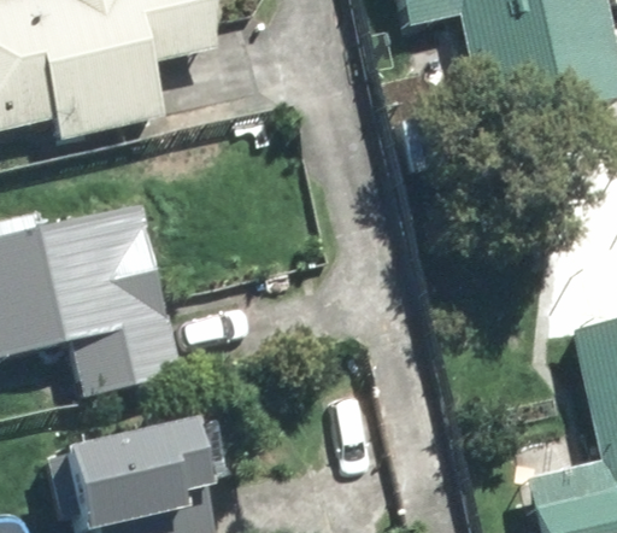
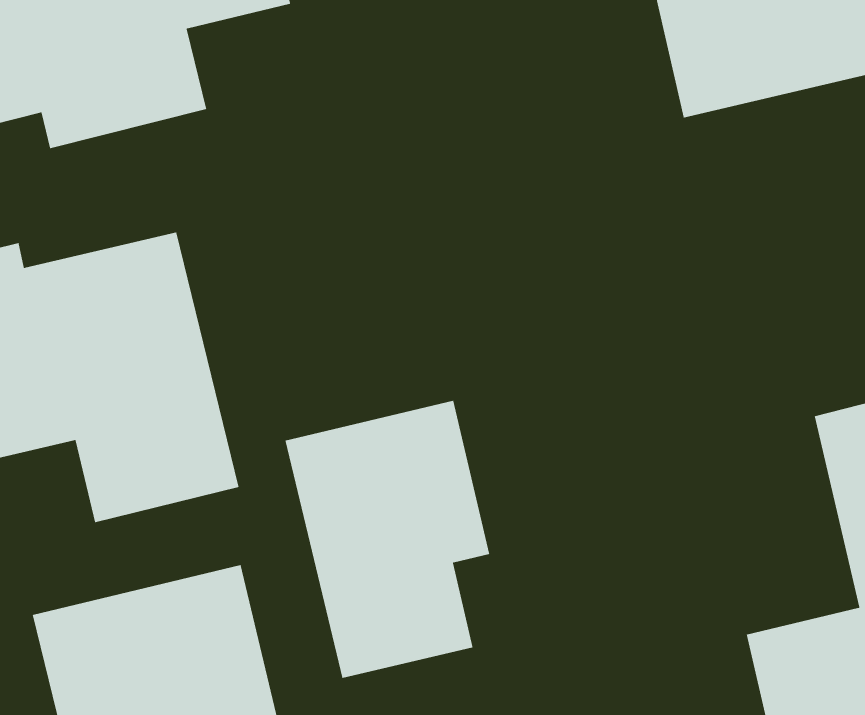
building: none -> [285,400,490,679]

